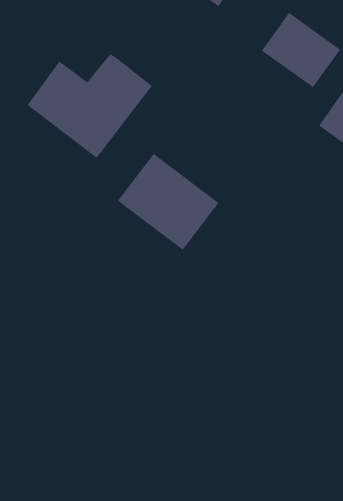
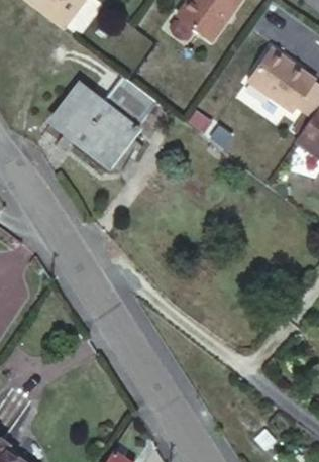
building: [117,153,220,251] -> none

